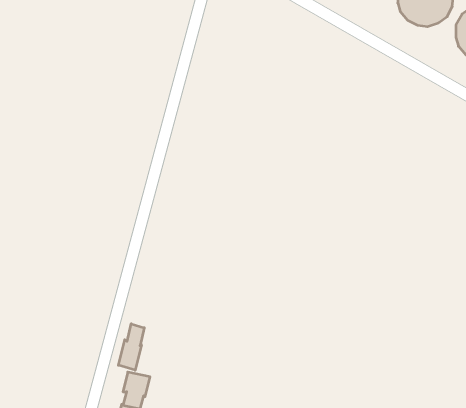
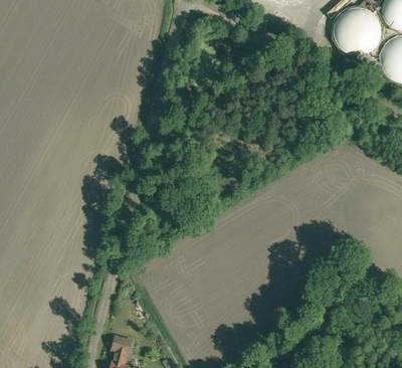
building: [118,324,144,370] -> none

